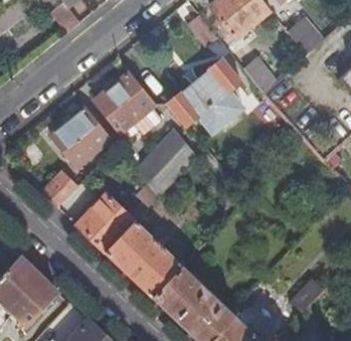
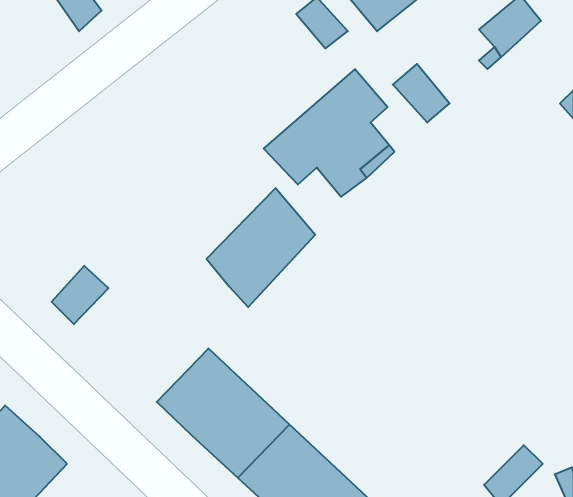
building: [96,71,163,133] -> none
building: [51,108,110,166] -> none
building: [78,186,160,253] -> none

